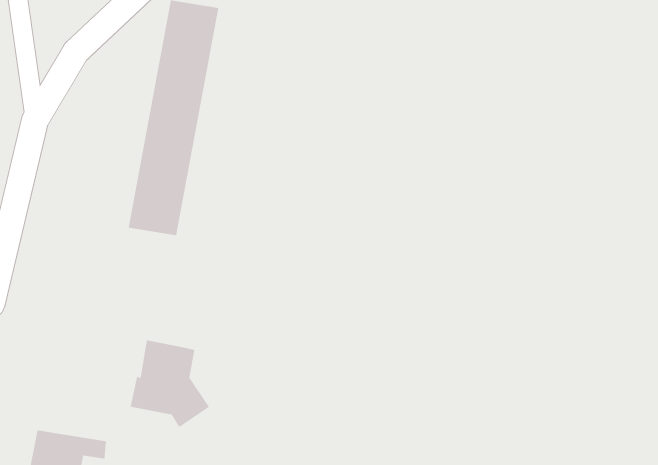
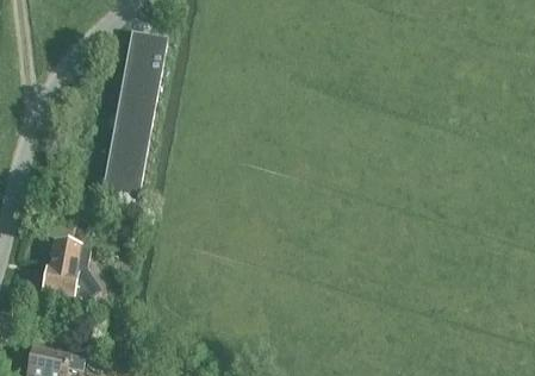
building: [130,340,210,428] -> [42,242,100,306]

